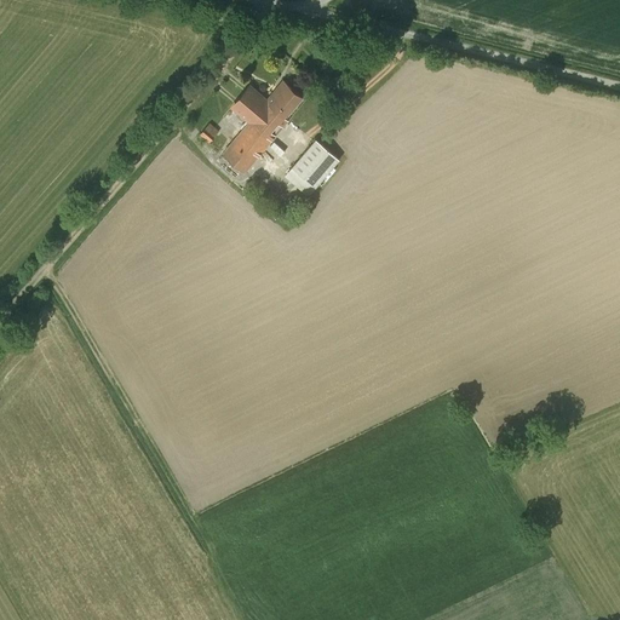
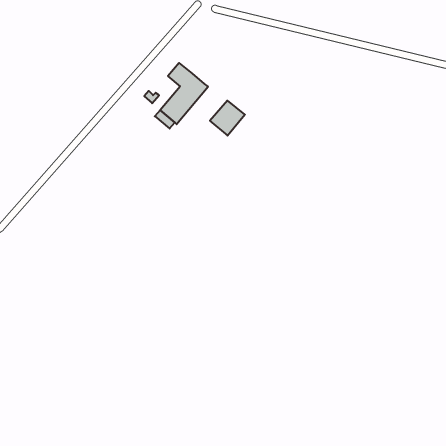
building: [266,81,302,117] -> none

